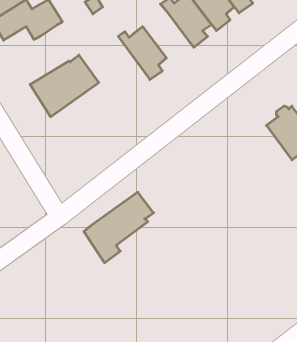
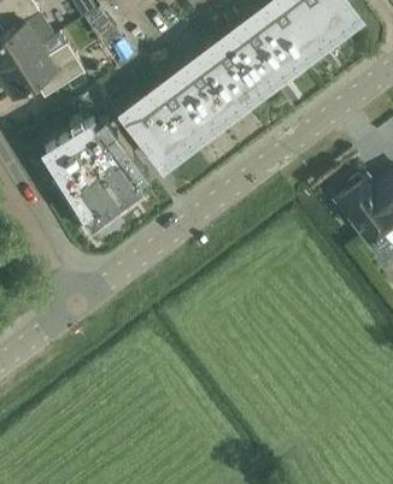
building: none -> [177,58,240,124]
building: none -> [123,90,192,166]
building: [84,192,154,263] -> [63,147,148,234]

